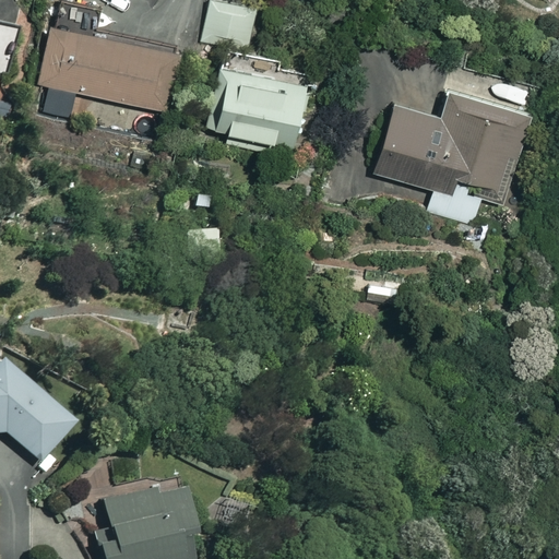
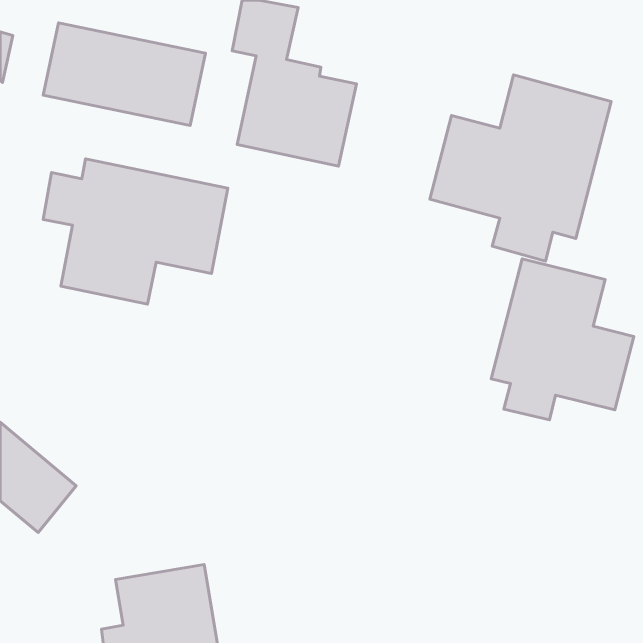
building: none -> [43,159,228,304]
building: none -> [491,259,634,420]

